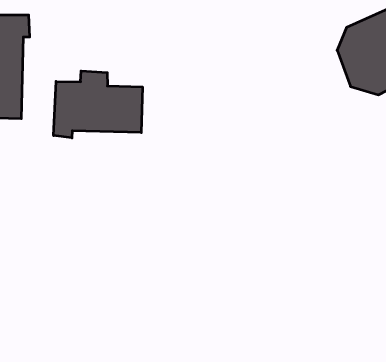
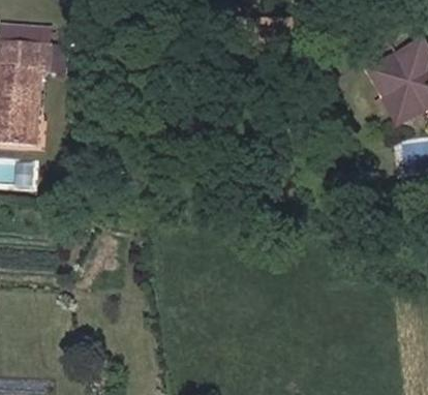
building: [54,71,142,138] -> none

